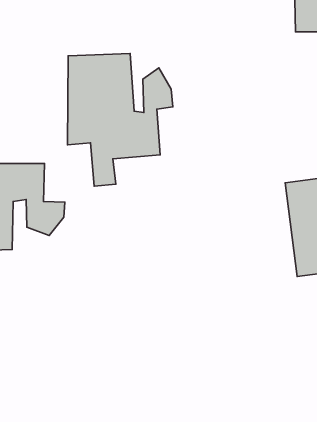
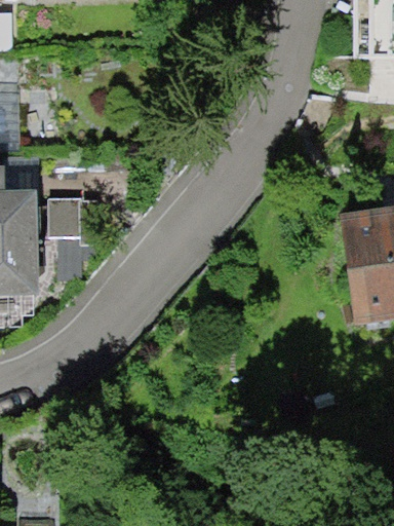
building: [68,54,173,186] -> none

